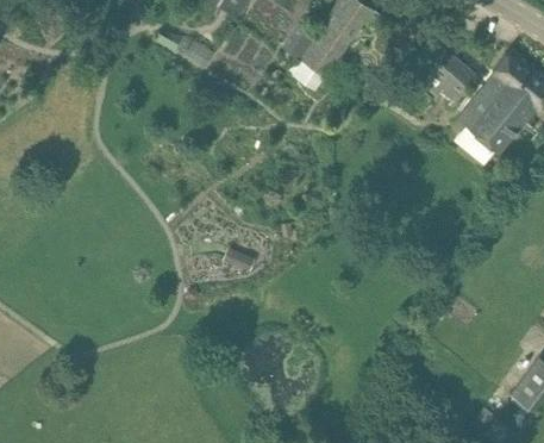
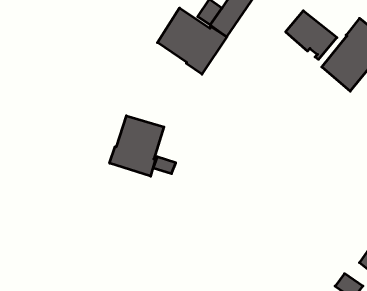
building: none -> [157,8,227,74]
building: none -> [110,116,164,176]

